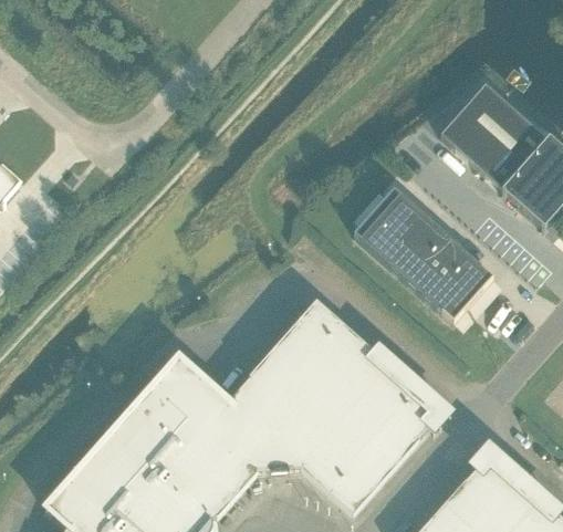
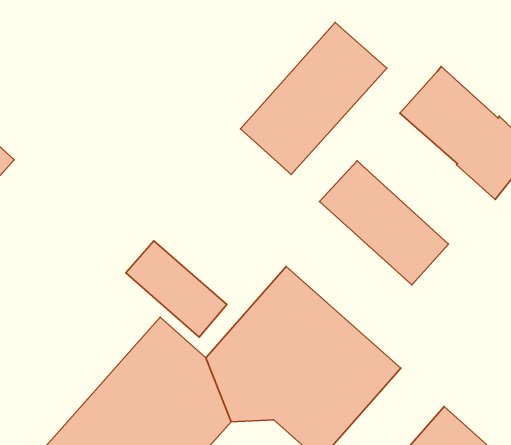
building: none -> [241,22,387,174]
building: none -> [126,241,227,337]

